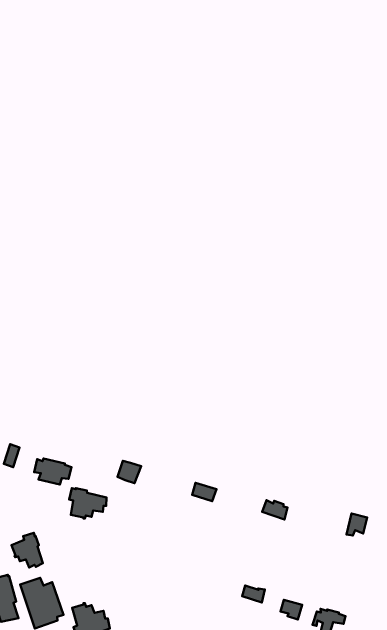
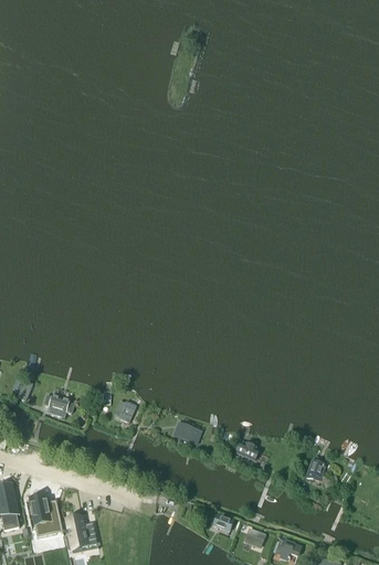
building: [69,488,107,519] -> none
building: [11,533,43,567] -> none

